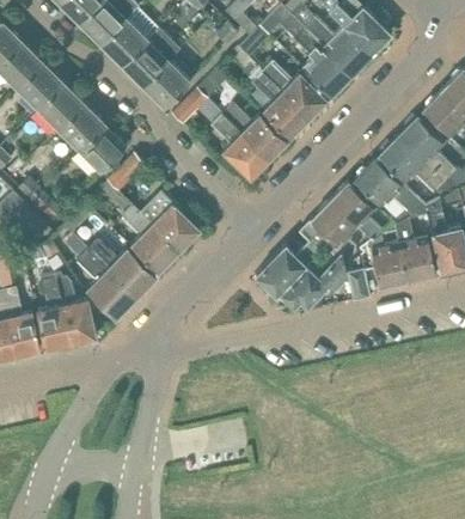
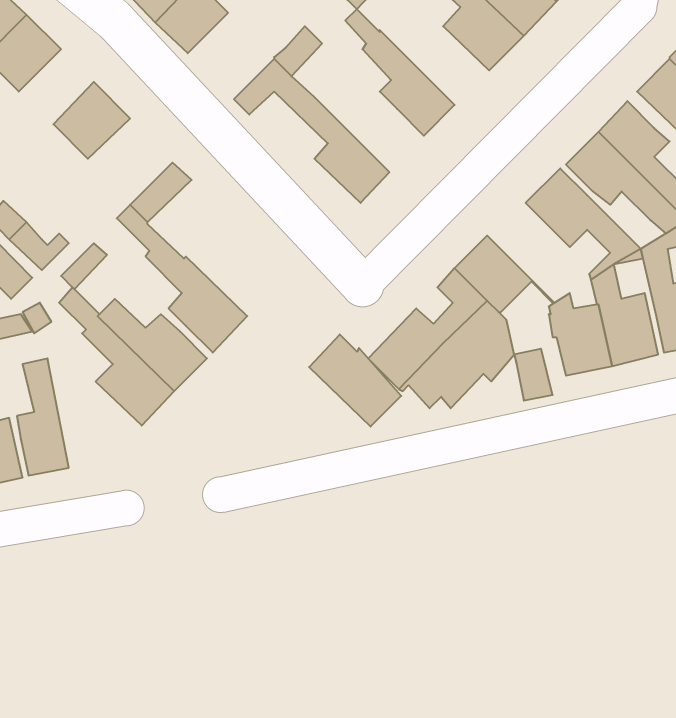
building: [143,61,190,108] -> none
building: [263,62,328,118] -> none
building: [38,84,85,130] -> none
building: [222,104,288,160] -> none
building: [81,127,127,171] -> none
building: [330,182,384,242] -> none
building: [142,193,200,250] -> [309,334,401,427]
building: [56,275,97,344] -> none

